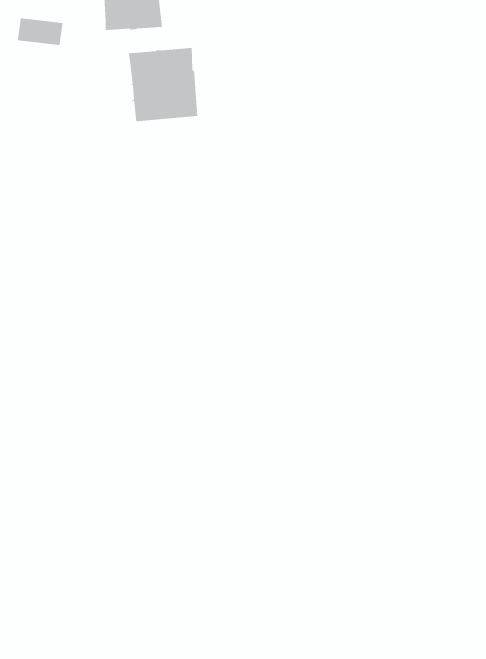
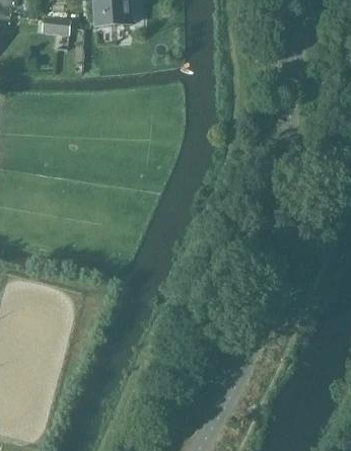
building: [128,47,198,122] -> none

